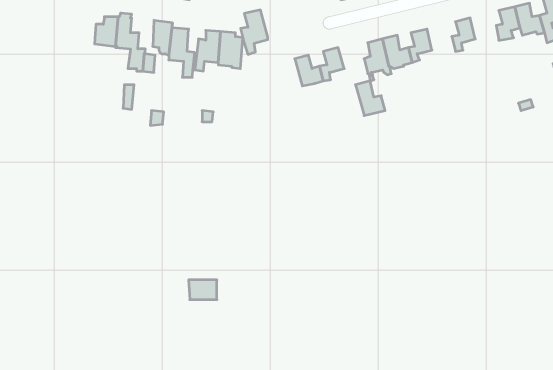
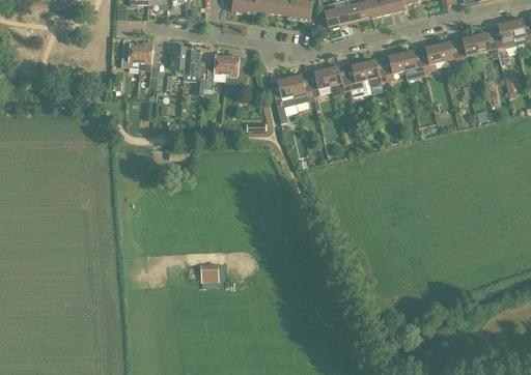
building: [241,10,268,54] -> [273,78,296,115]
building: none -> [437,40,464,71]
building: none -> [400,50,424,76]
building: [355,81,385,116] -> [326,65,351,94]

